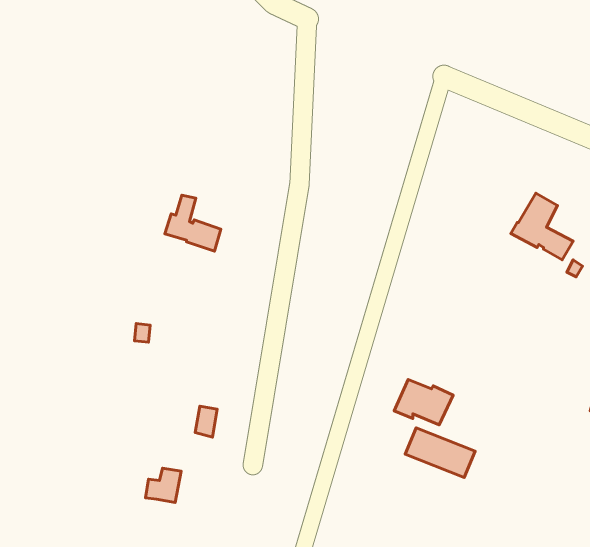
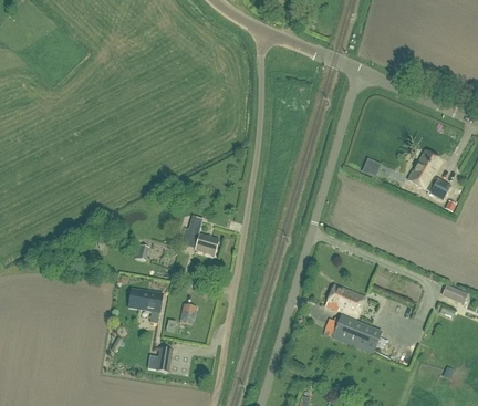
building: [165,195,221,251] -> [179,215,219,254]
building: none -> [126,288,162,322]

